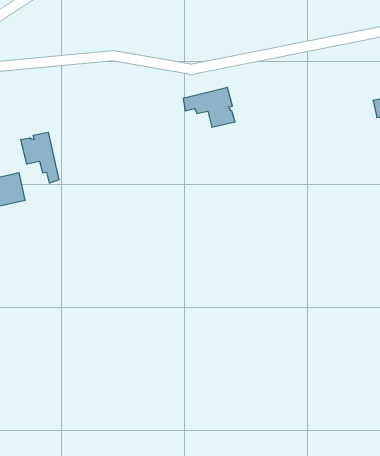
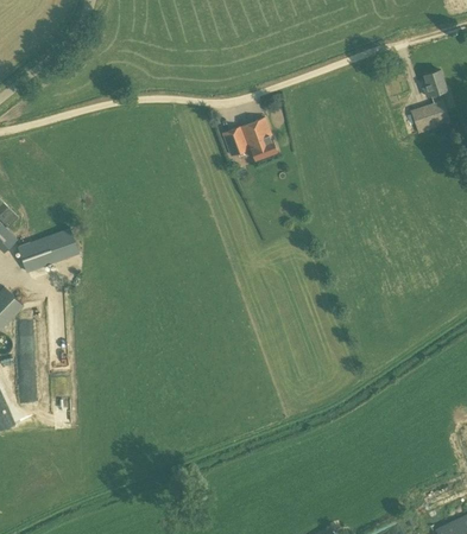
building: [21,132,59,183] -> none

